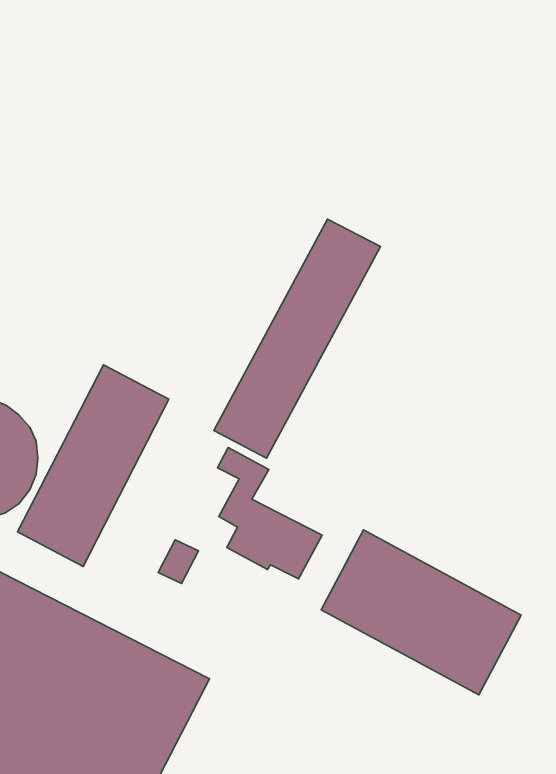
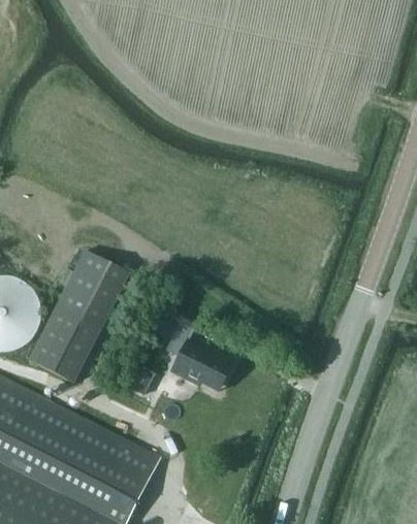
building: [214,219,380,458] -> none
building: [321,530,521,695] -> none

